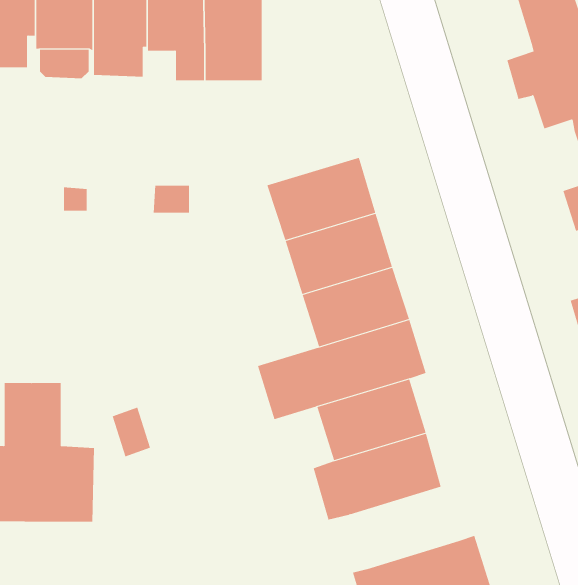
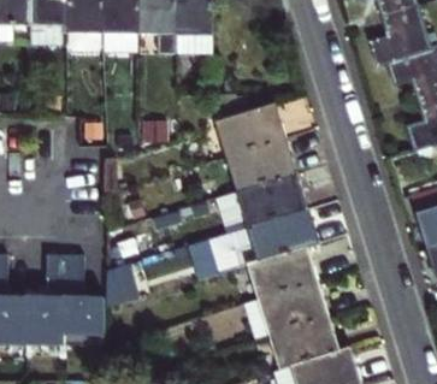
building: none -> [268,317,338,370]

